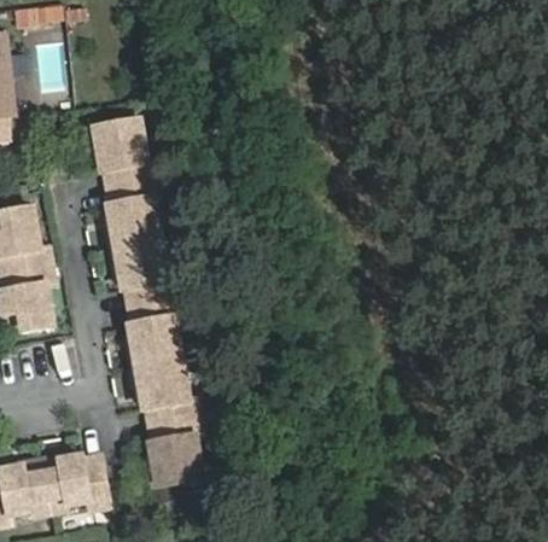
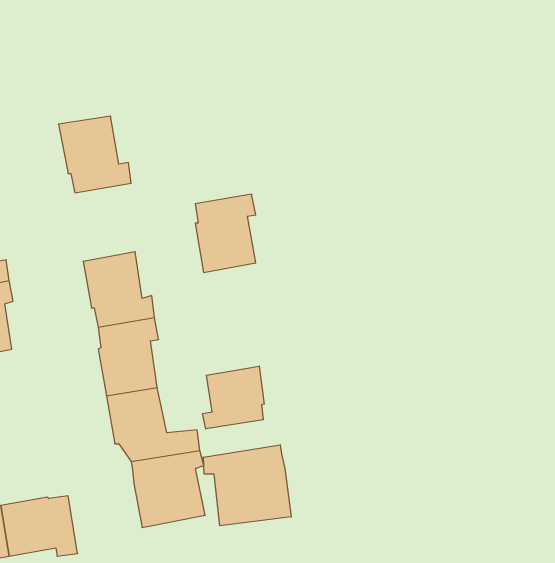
building: [104,179,157,247] -> [195,194,256,272]
building: none -> [203,366,264,429]
building: none -> [203,445,291,526]

